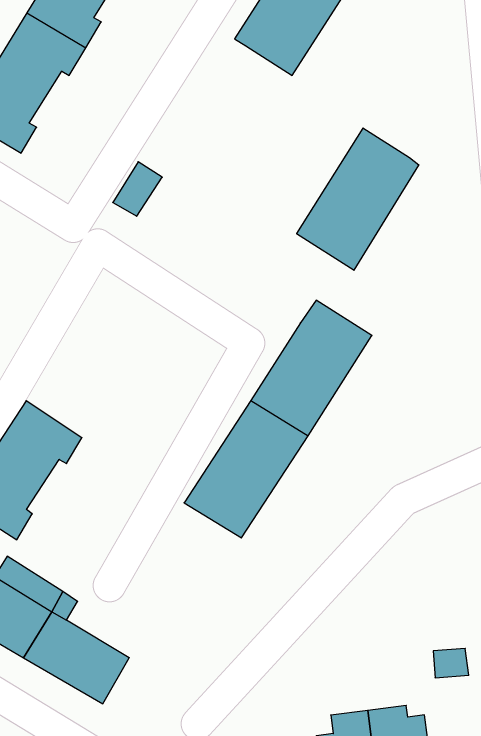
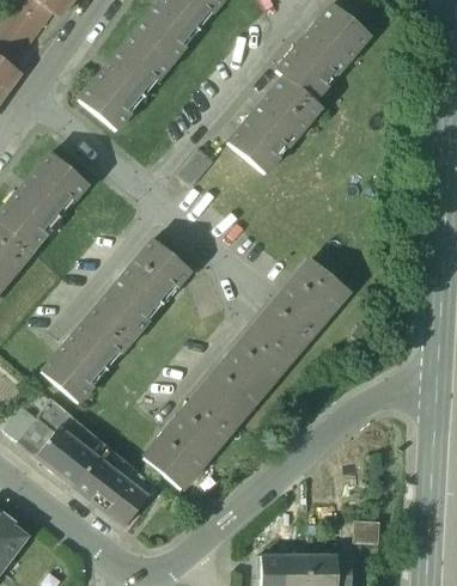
building: [297,128,419,270] -> [228,75,321,175]
building: none -> [98,239,190,336]
building: none -> [145,391,237,488]

